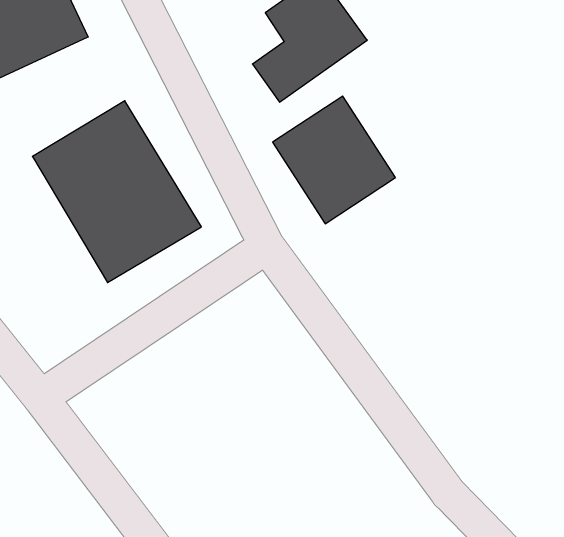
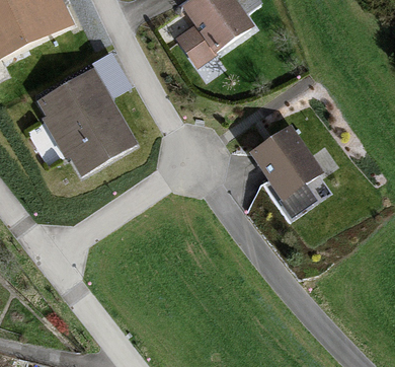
building: [273,96,395,224] -> [248,126,326,207]

